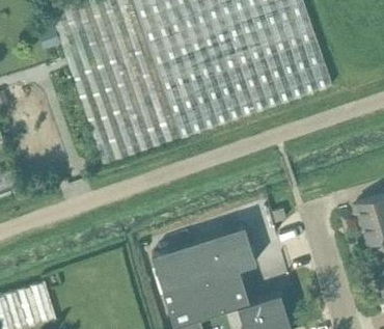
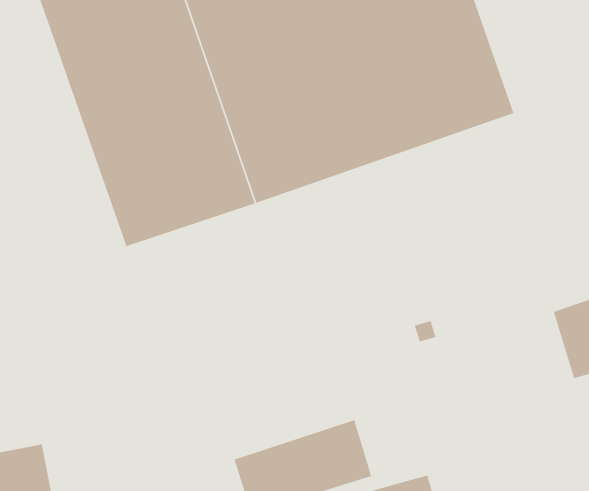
building: [153,224,257,292] -> none

